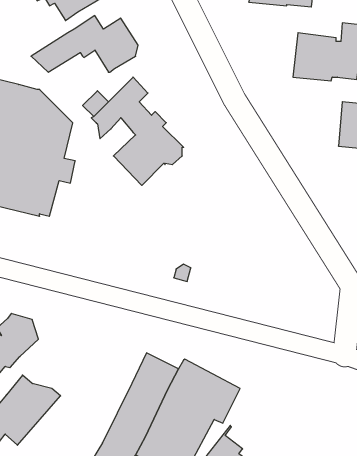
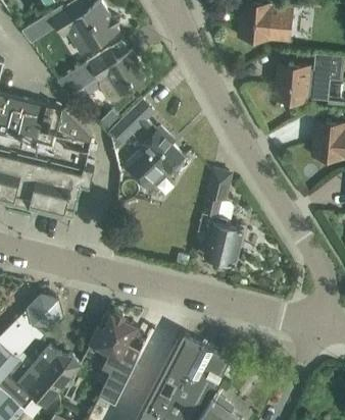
building: none -> [198,170,243,268]
building: none -> [85,313,141,403]

